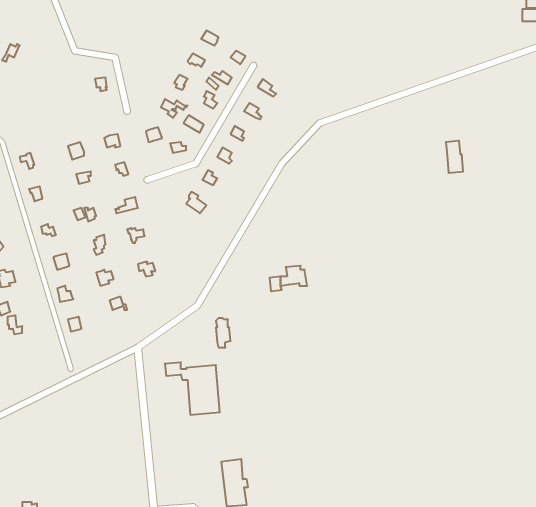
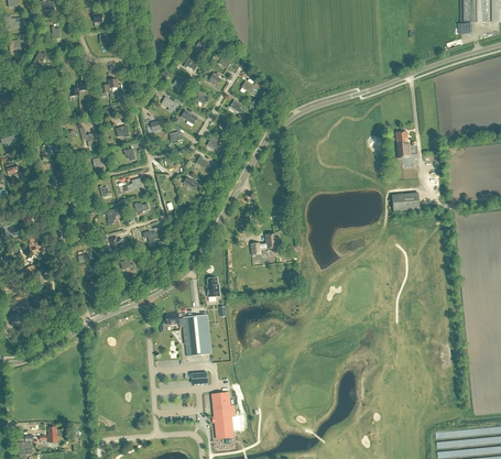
building: none -> [392,193,420,211]

